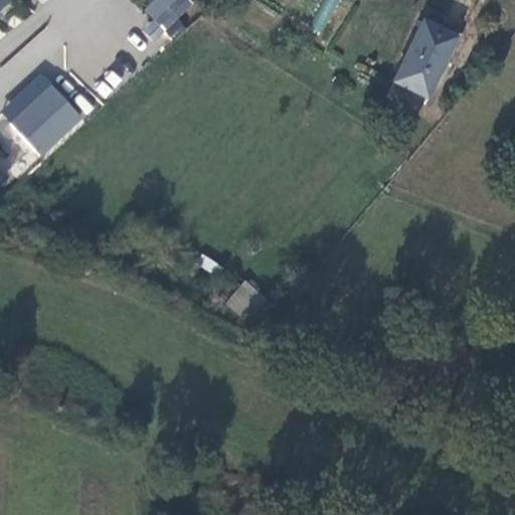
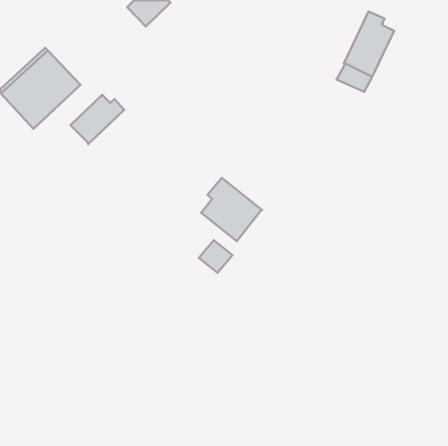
building: none -> [70,95,124,144]
building: none -> [201,178,262,241]

